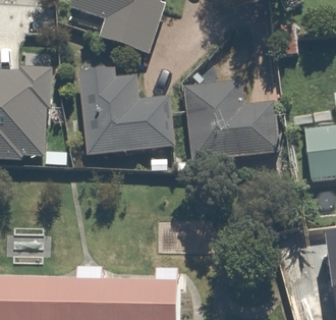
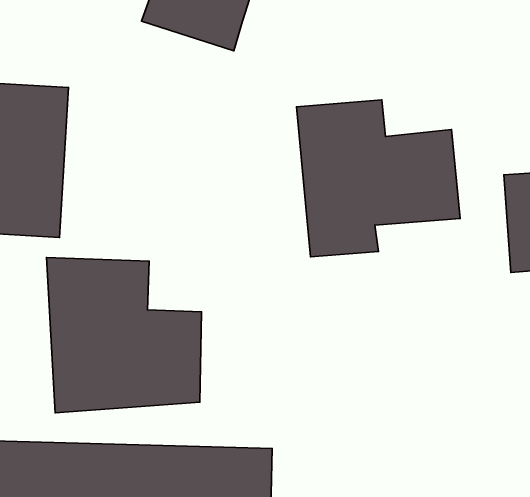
building: [80,62,171,153] -> [46,258,201,413]

